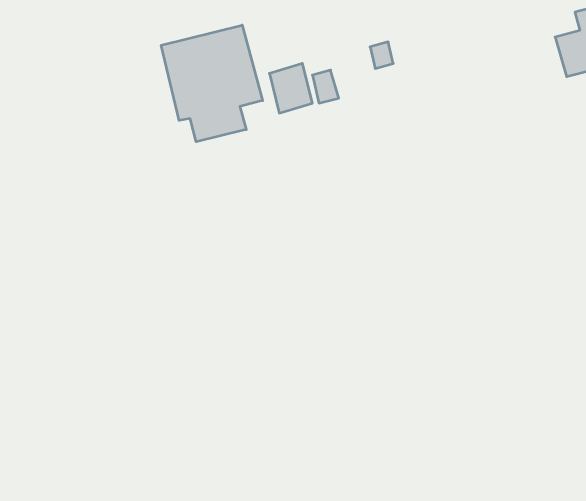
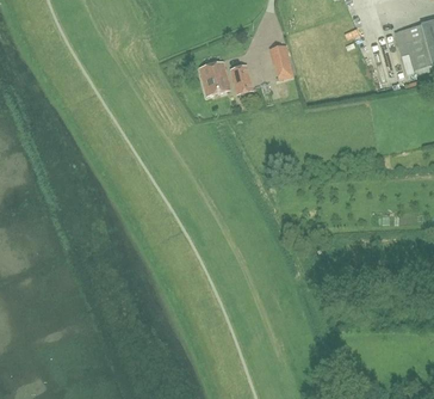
building: [161,25,263,142] -> none

